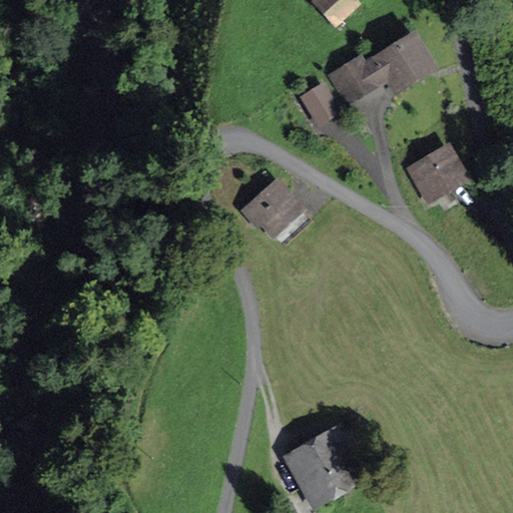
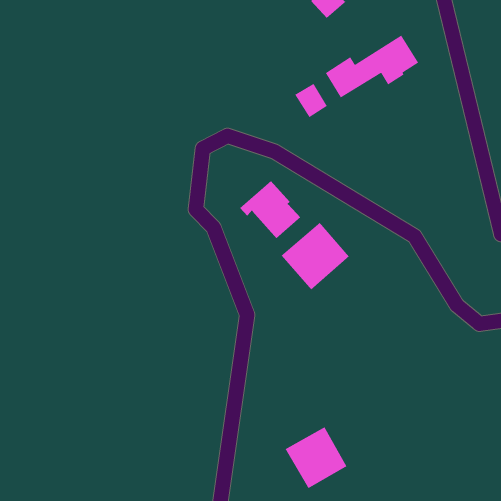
building: [408,146,461,196] -> none
building: none -> [280,222,350,291]

